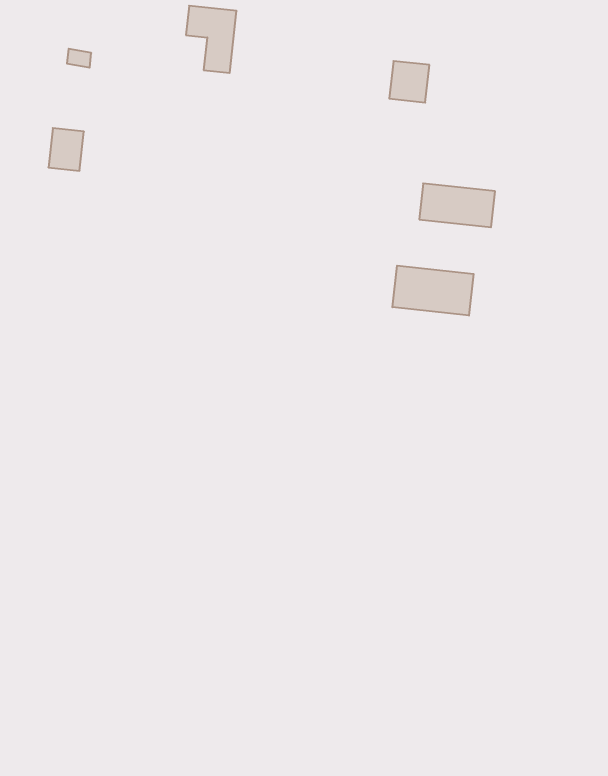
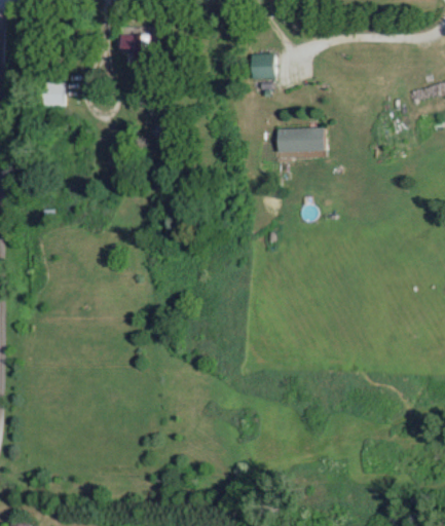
building: [48,128,84,171] -> [44,81,64,106]
building: [392,266,474,316] -> none

